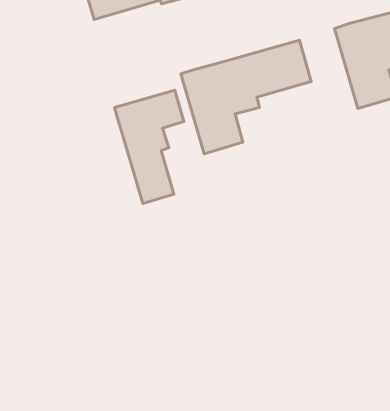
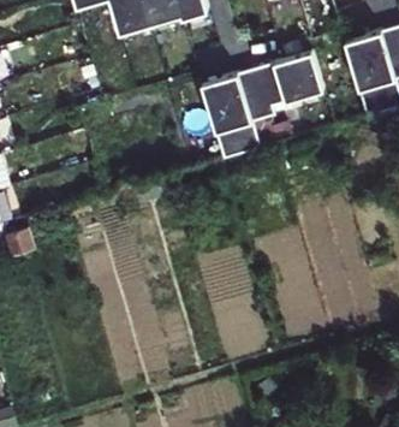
building: [114,90,184,204] -> none

